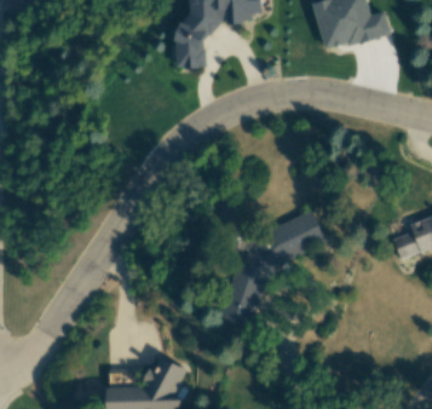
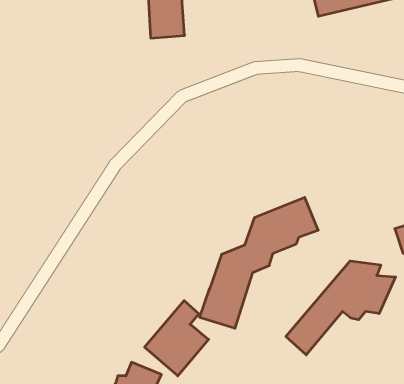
building: none -> [286,261,396,355]
building: none -> [145,301,209,376]

